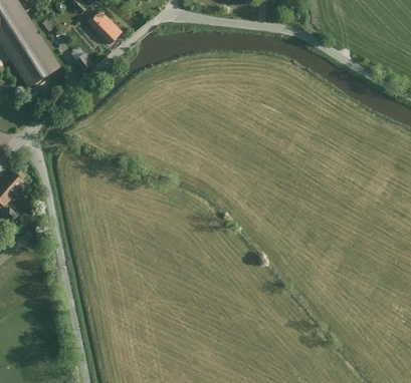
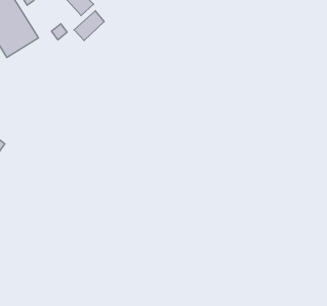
building: none -> [74,11,104,41]

